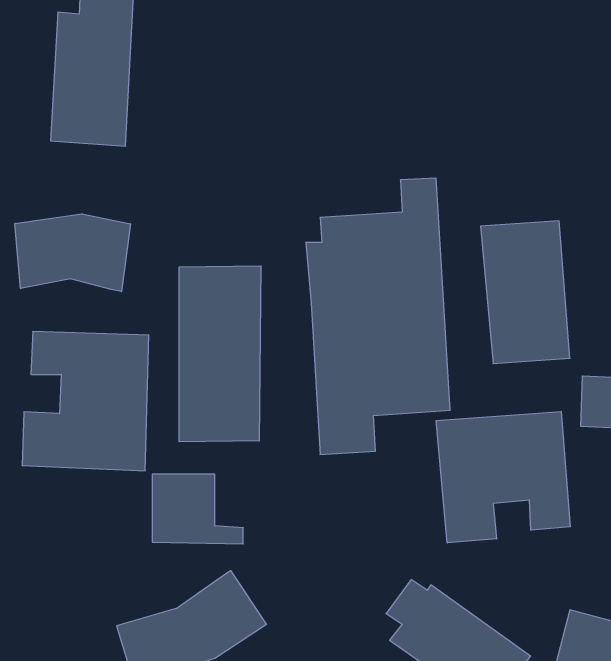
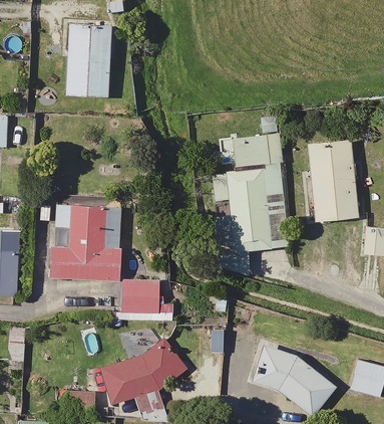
building: [15,214,130,292] -> none
building: [179,266,261,442] -> none
building: [436,411,570,543] -> none

